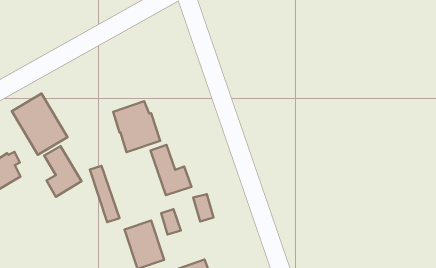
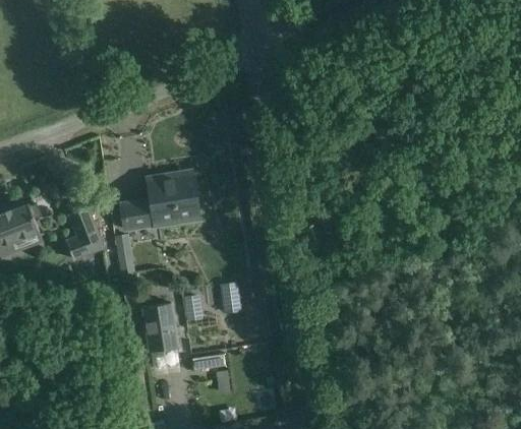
building: [12,94,67,155] -> none
building: none -> [122,200,158,230]
building: [151,145,191,195] -> none

